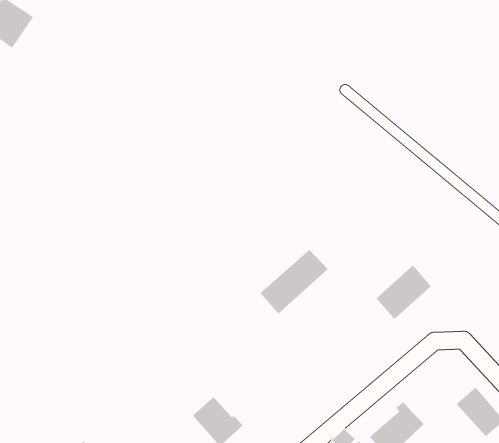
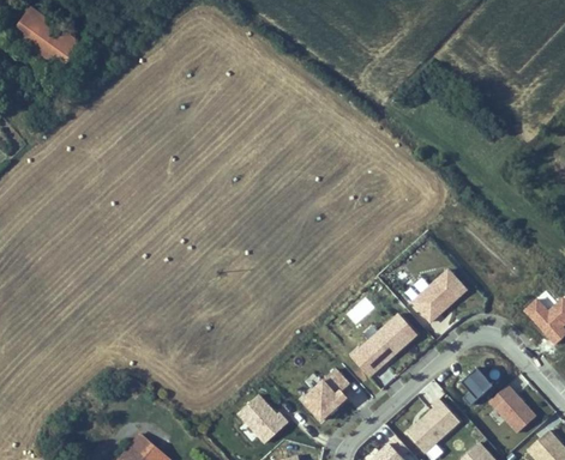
building: [259,249,328,314] -> [351,314,417,376]
building: none -> [463,367,494,405]
building: none -> [302,368,349,419]

